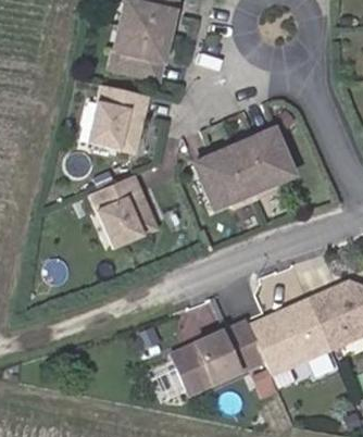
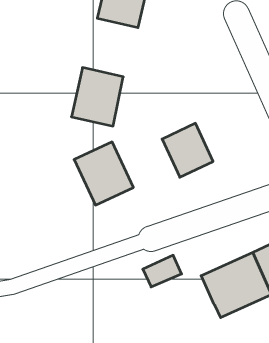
building: [114,25,171,78] -> none
building: [238,130,298,192] -> none
building: [167,321,261,396] -> none

